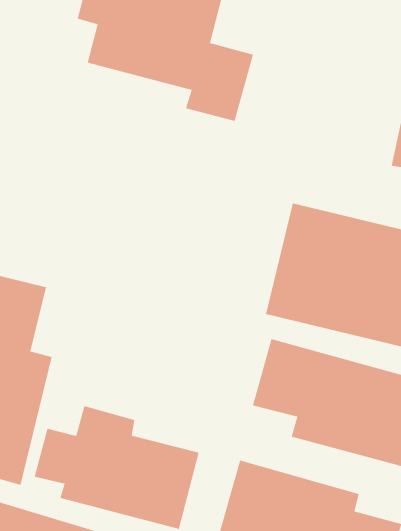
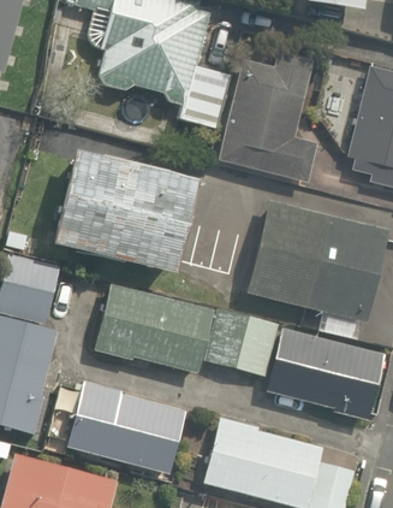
building: none -> [219,52,322,187]
building: none -> [47,148,190,270]
building: none -> [94,284,245,376]

